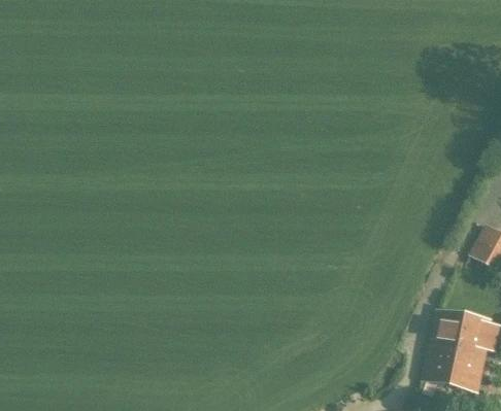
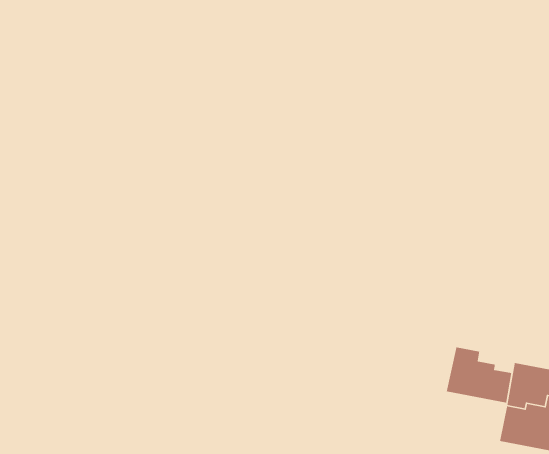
building: none -> [446,347,512,404]

